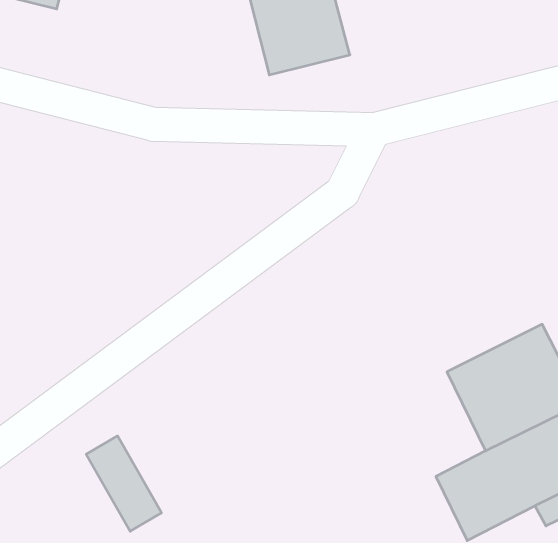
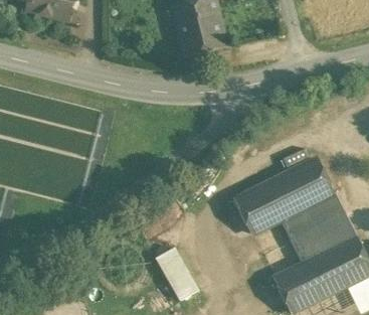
building: none -> [235,158,333,233]
building: [86,436,161,531] -> [156,247,197,299]

